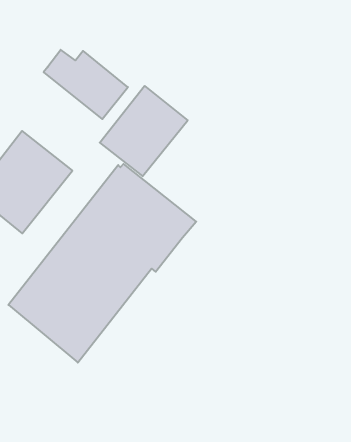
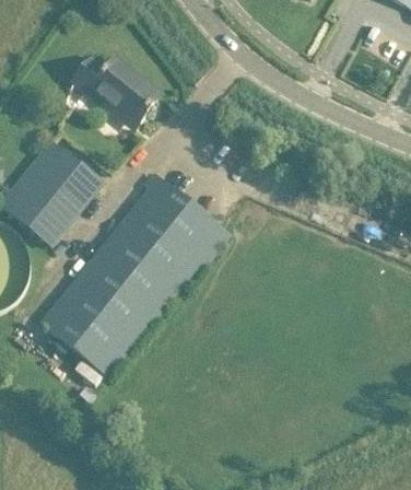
building: [100,86,188,176] -> none

